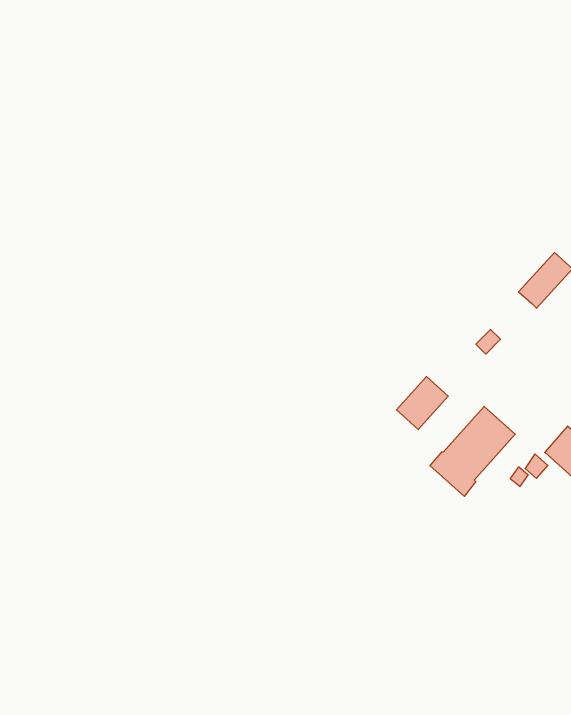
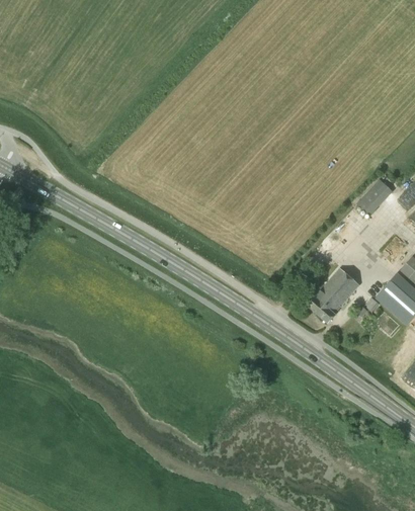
building: [396,377,448,430] -> none

